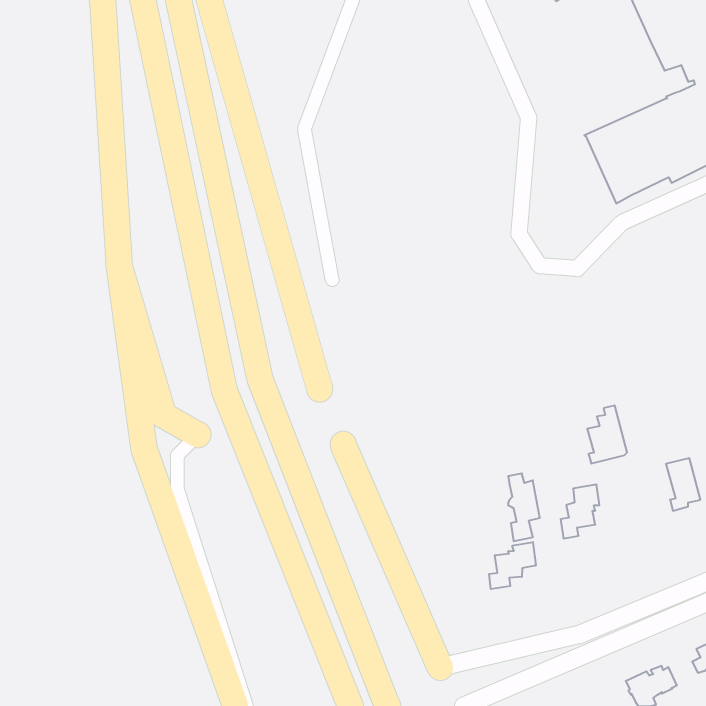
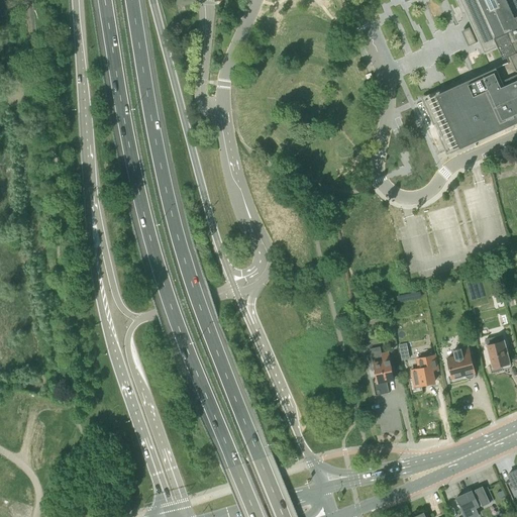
building: [587,405,627,464] -> [448,340,478,383]
building: [489,542,536,589] -> none

